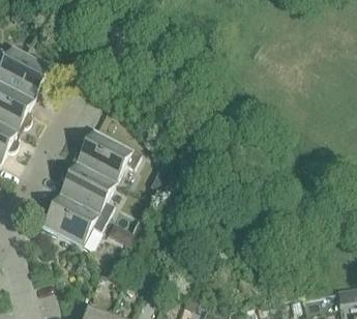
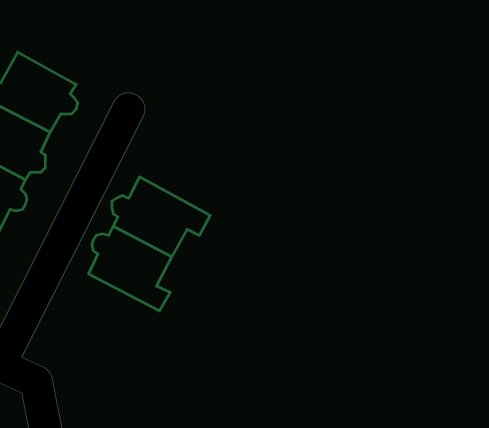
building: [41,193,108,247] -> none

